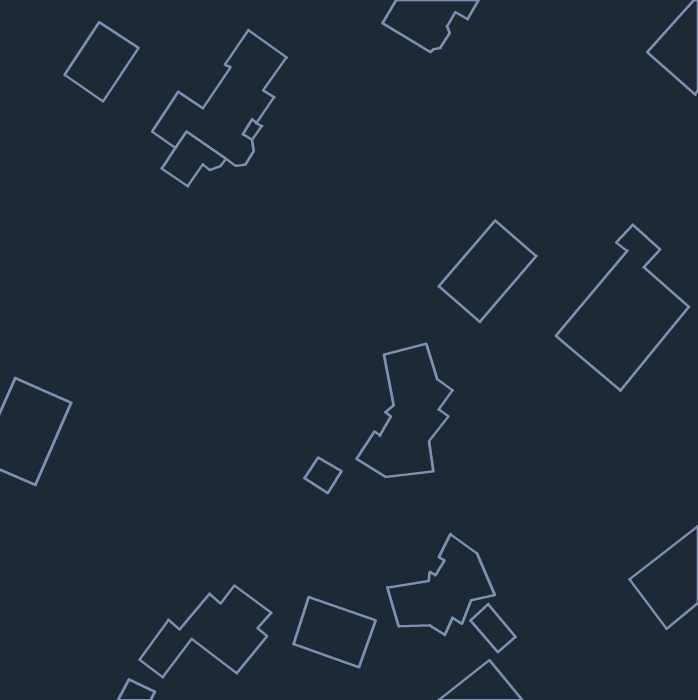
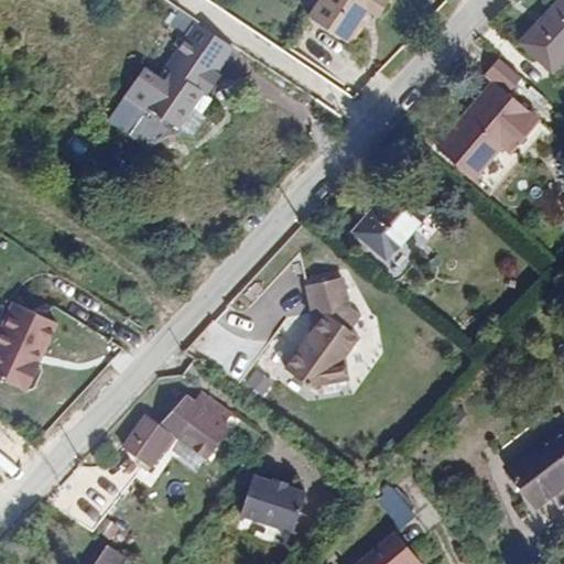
building: [65,22,138,101] -> none
building: [556,225,689,391] -> [436,58,543,192]
building: [387,534,495,635] -> none
building: [140,586,271,677] -> [126,389,231,463]

